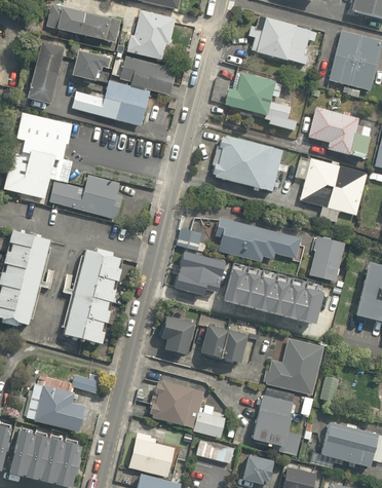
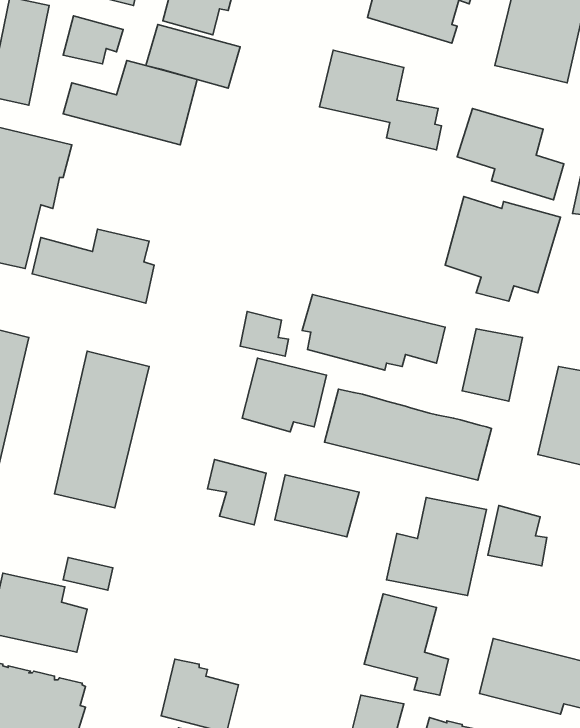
building: [209,134,281,191] -> none
building: none -> [488,506,547,566]
building: [154,377,195,424] -> none
building: [193,402,225,438] -> none
building: [197,441,234,464] -> none

